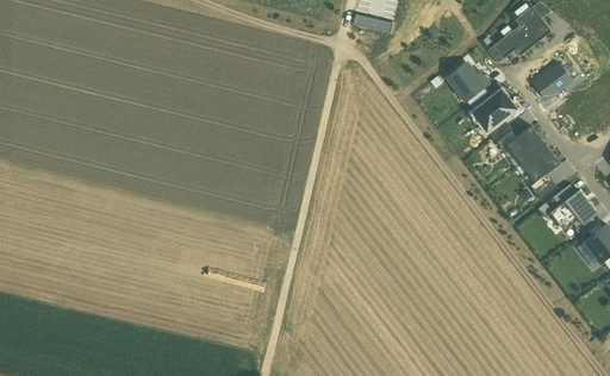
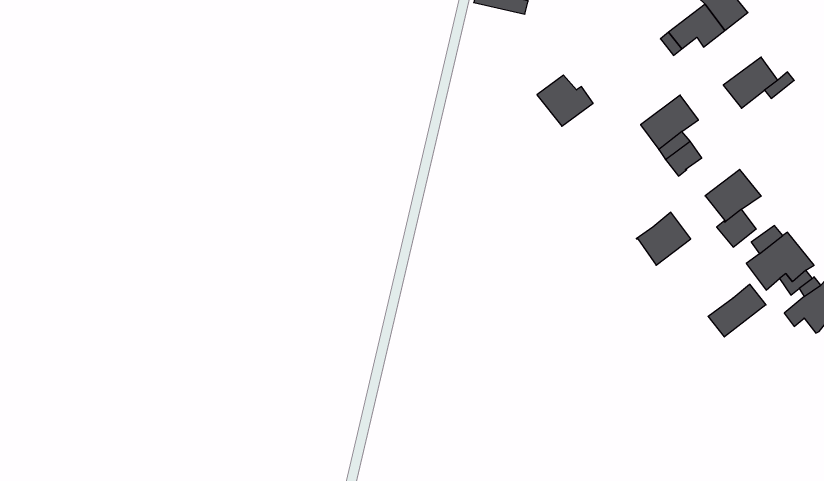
building: [447,63,487,100] -> [537,75,593,126]
building: [505,125,544,163] -> [636,212,691,265]
building: none -> [708,284,766,337]

